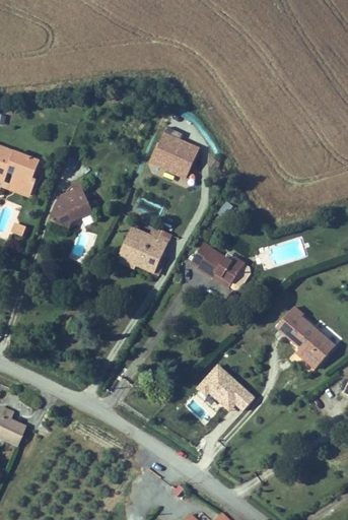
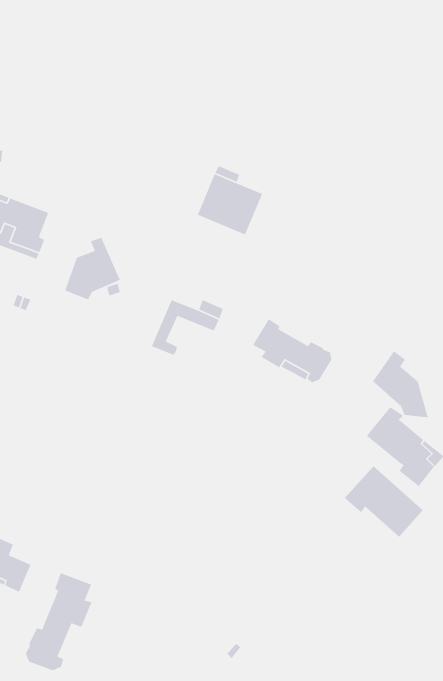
building: [127,239,163,274] -> none
building: none -> [372,350,429,418]
building: [195,363,255,416] -> [344,466,424,537]
building: none -> [25,572,93,671]

